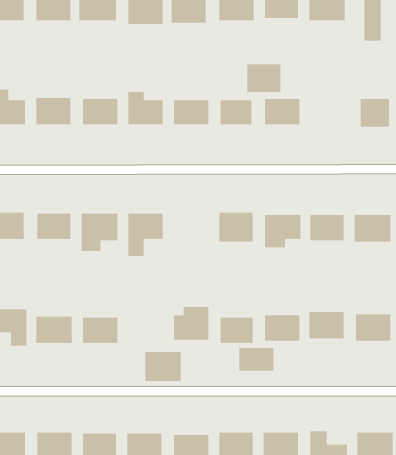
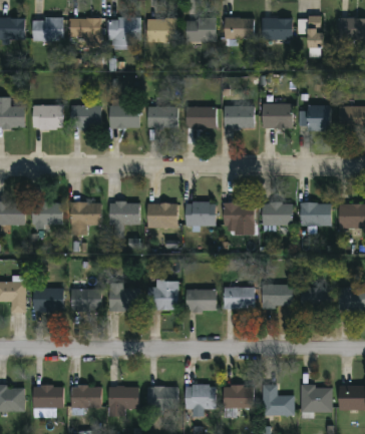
building: [246,64,281,92] -> [263,103,292,127]
building: none -> [147,202,178,228]
building: [239,347,274,372] -> none
building: [145,352,182,381] -> [110,286,141,311]

